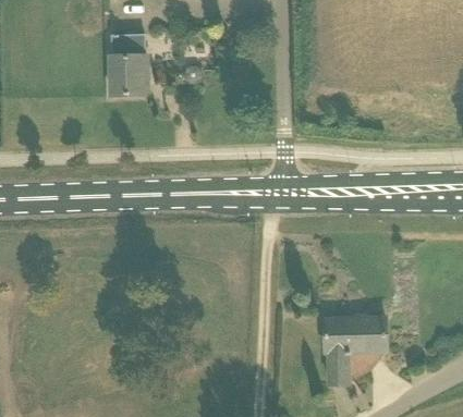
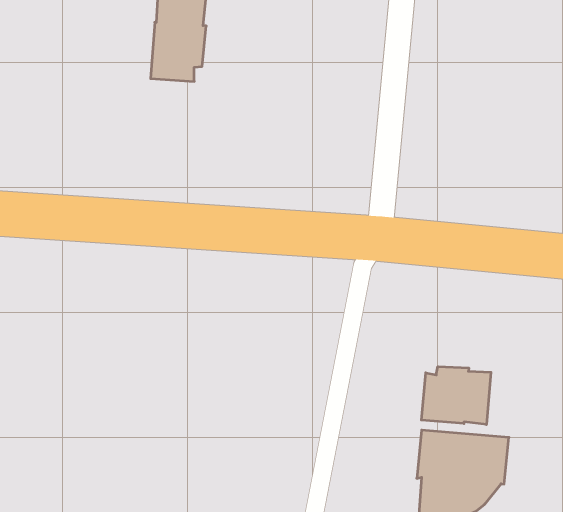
building: none -> [421,367,491,425]

